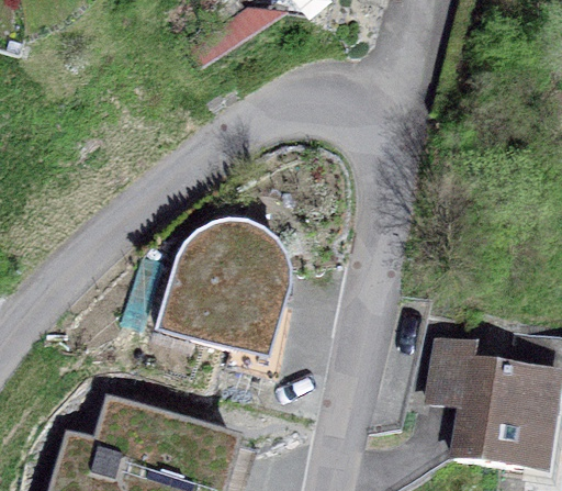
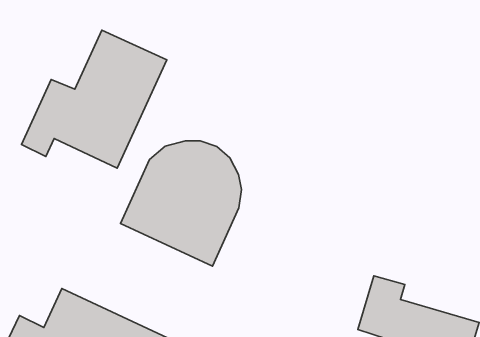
building: none -> [21,30,167,168]

